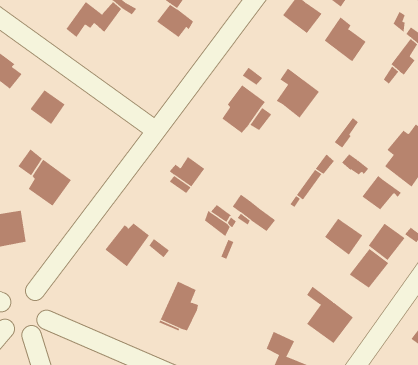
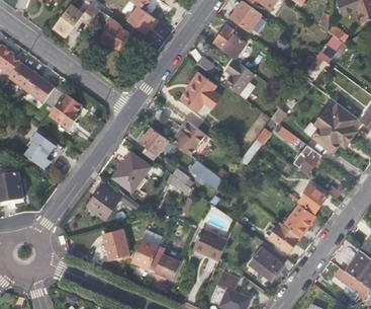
building: [324,17,367,62] -> [212,22,247,59]
building: none -> [102,17,129,48]
building: none -> [10,63,38,90]
building: none -> [41,87,81,130]
building: none -> [173,120,206,155]
building: none -> [109,151,151,190]
building: [324,218,363,256] -> [268,221,299,251]
building: none -> [192,227,227,260]
building: none -> [103,228,129,257]
building: none -> [152,252,180,279]

